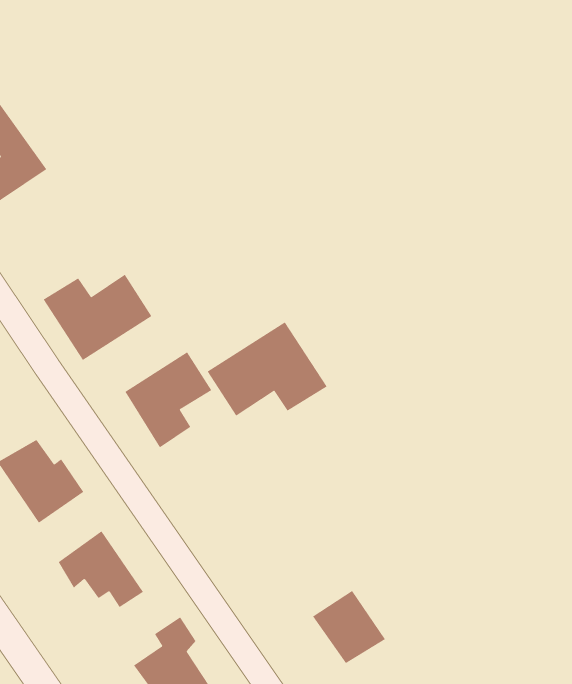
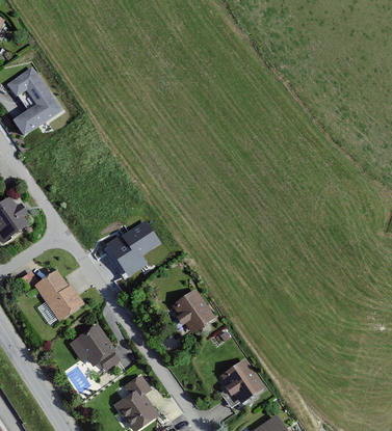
building: [43,274,152,361] -> none
building: [207,322,327,417] -> none
building: none -> [172,290,214,331]

